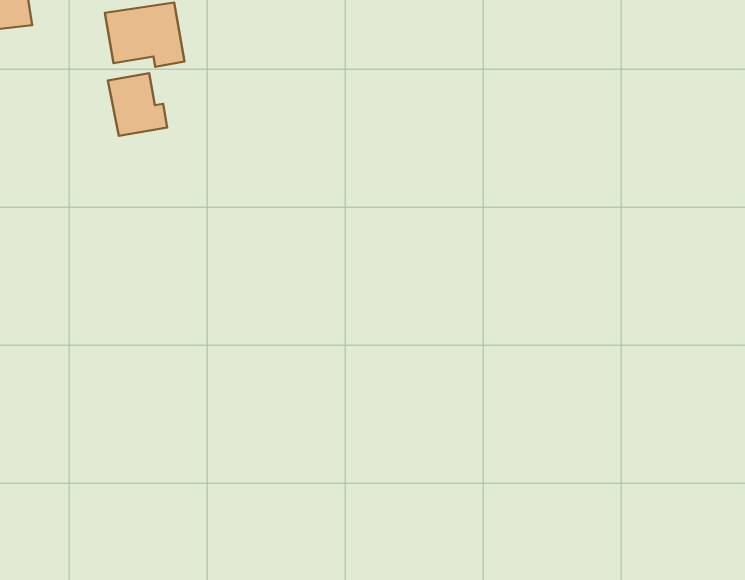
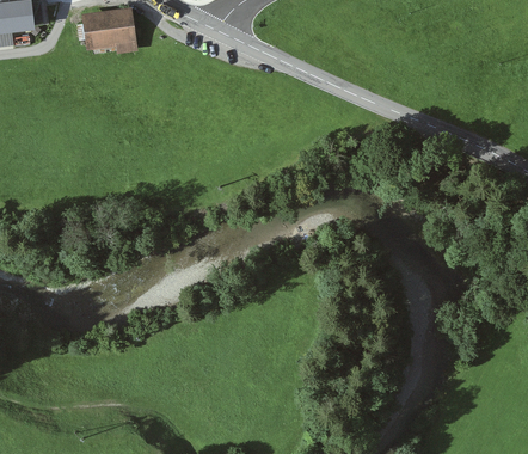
building: [108,73,167,136] -> none

